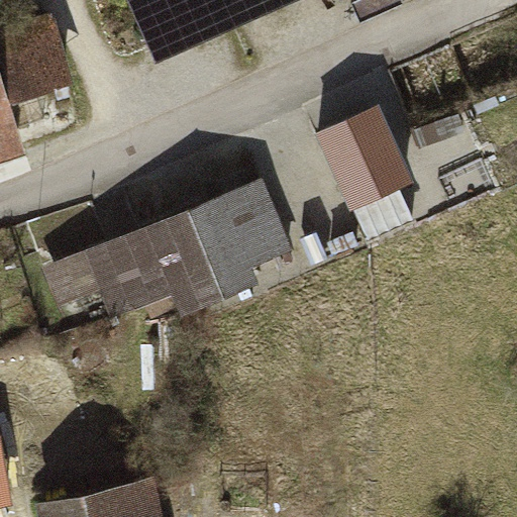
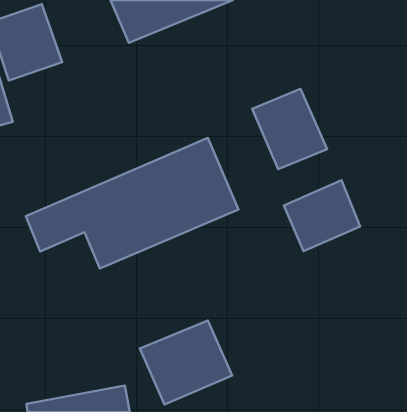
building: none -> [284,180,360,251]
building: none -> [140,320,232,404]

